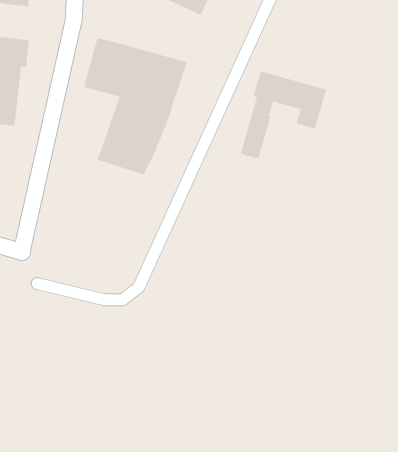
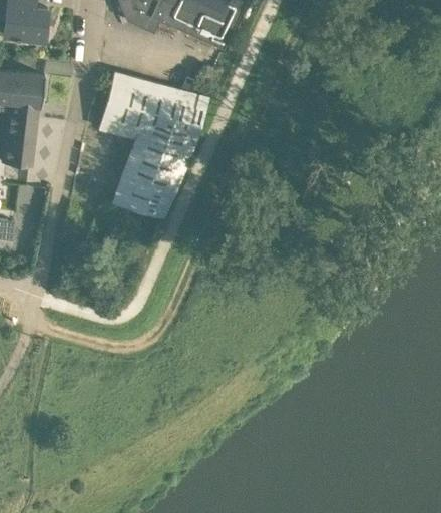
building: [240,70,327,159] -> none

